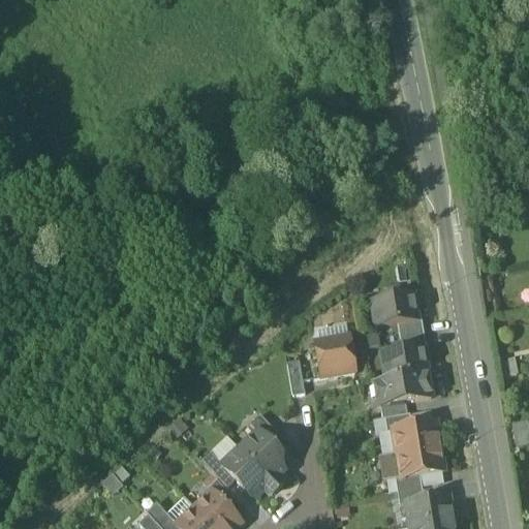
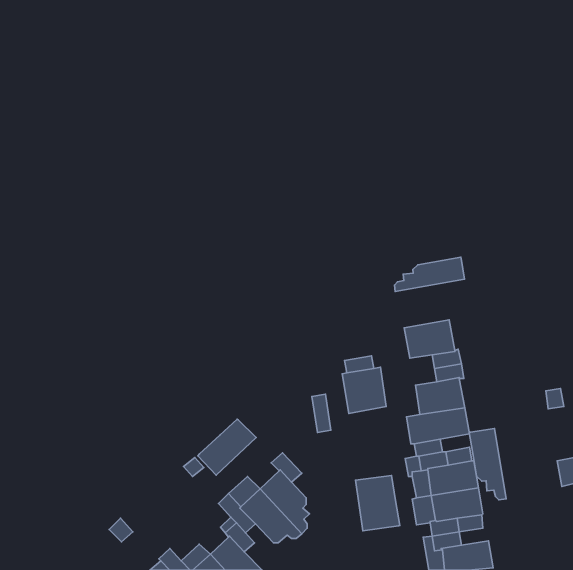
building: none -> [394,257,464,291]
building: none -> [198,419,256,475]
building: none -> [469,429,506,500]
building: none -> [356,475,400,531]

